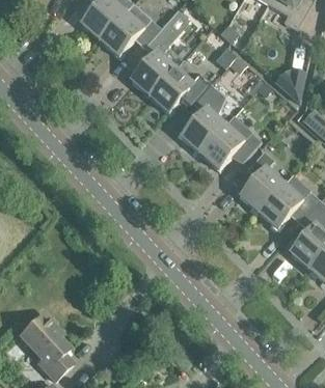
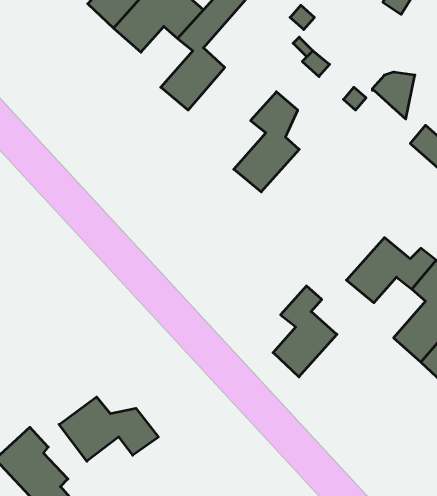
building: [152,59,212,113] -> none
building: [201,123,263,169] -> none
building: [242,150,286,213] -> [273,286,337,377]
building: none -> [59,397,158,461]

